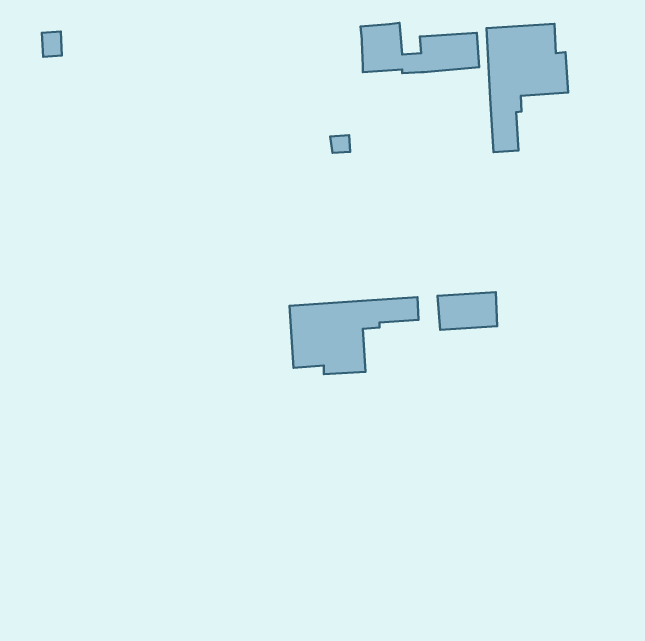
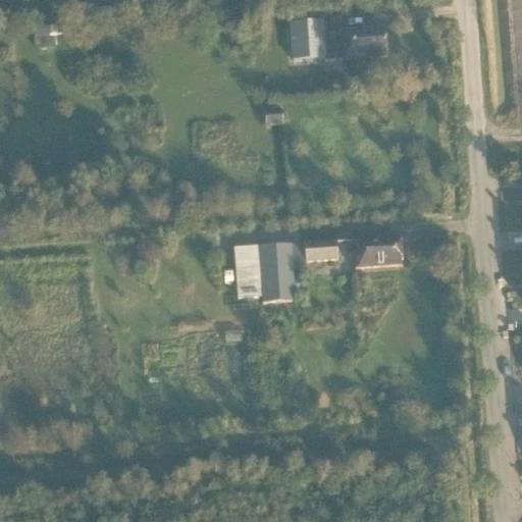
building: [486,24,568,152] -> none

